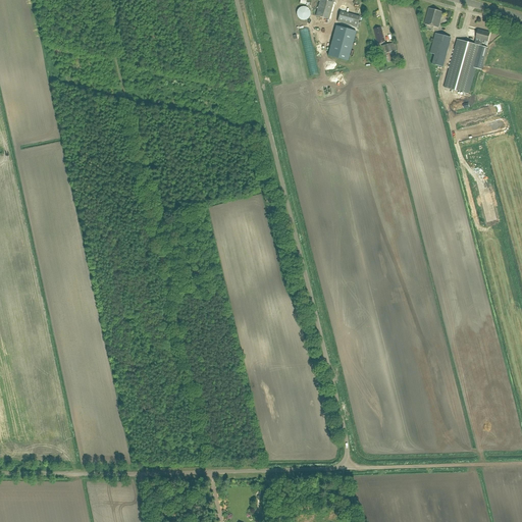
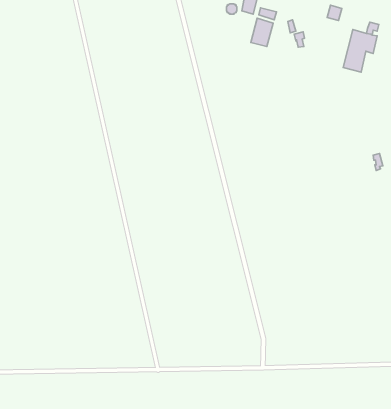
building: [430,32,452,65] -> none

